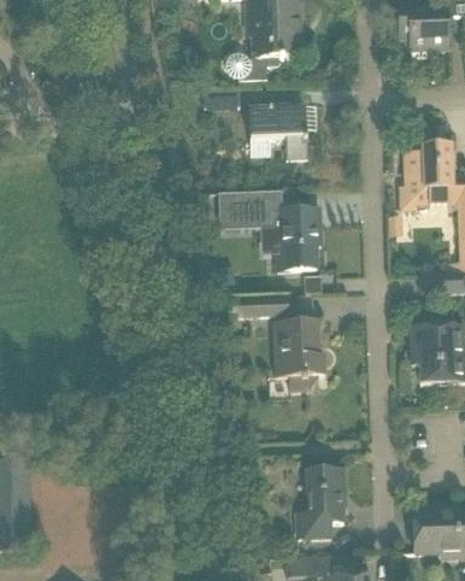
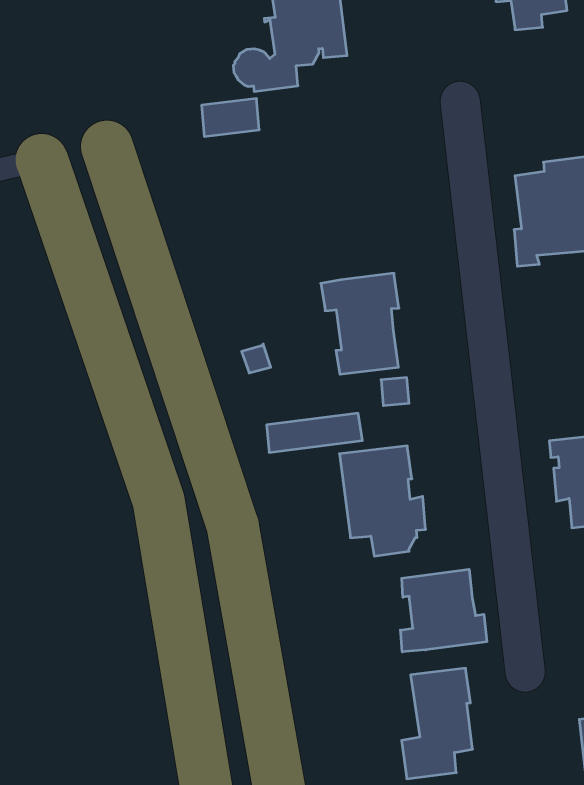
building: [249,105,307,158] -> none
building: [219,189,284,228] -> none
building: none -> [400,569,487,652]

